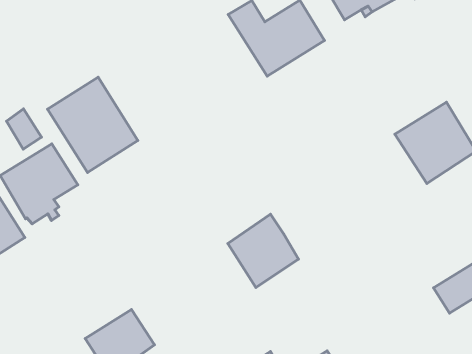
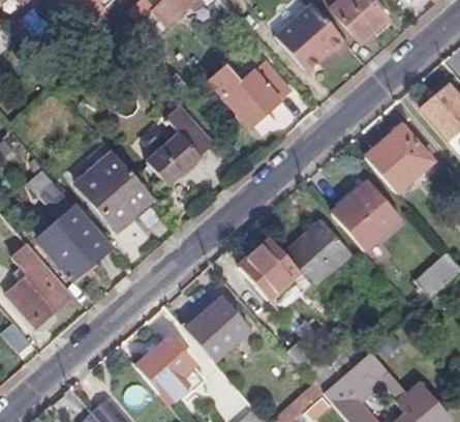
building: none -> [146,104,211,184]
building: none -> [332,181,400,248]
building: none -> [284,220,347,283]
building: none -> [185,296,251,361]

